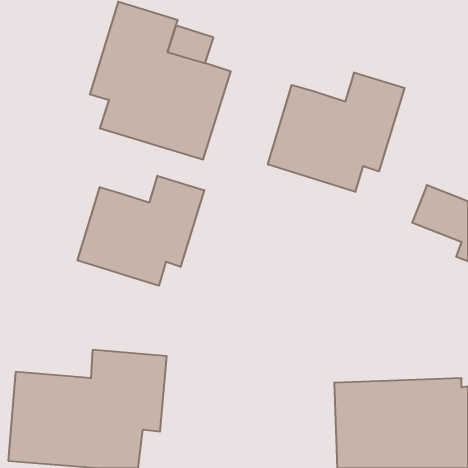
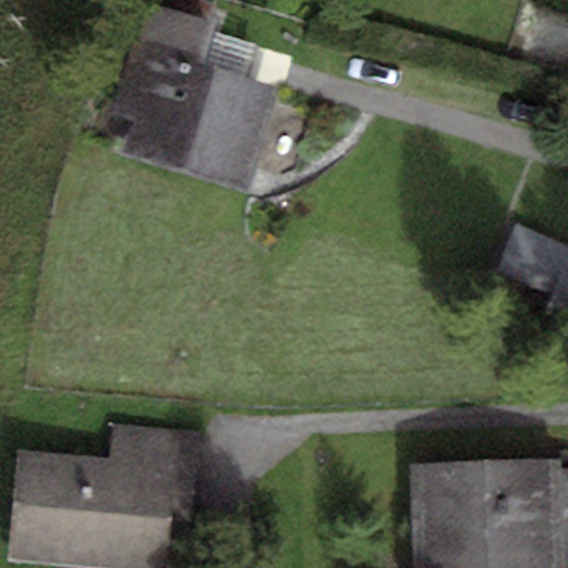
building: [268,72,405,192] -> none
building: [78,176,204,286] -> none

